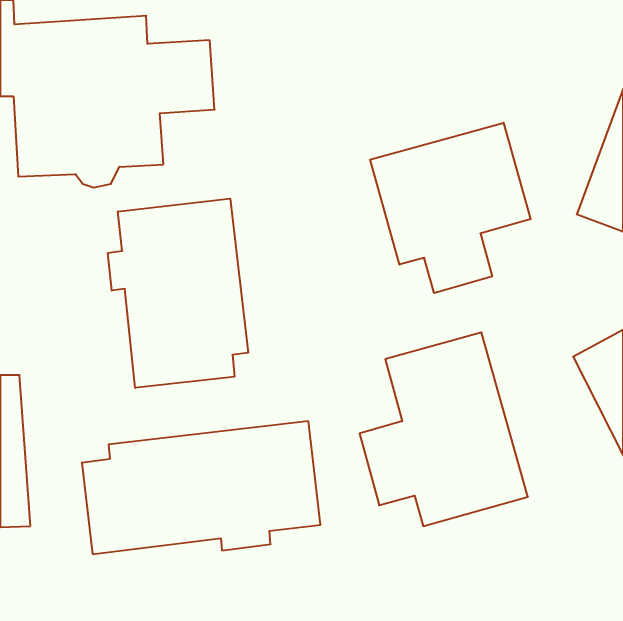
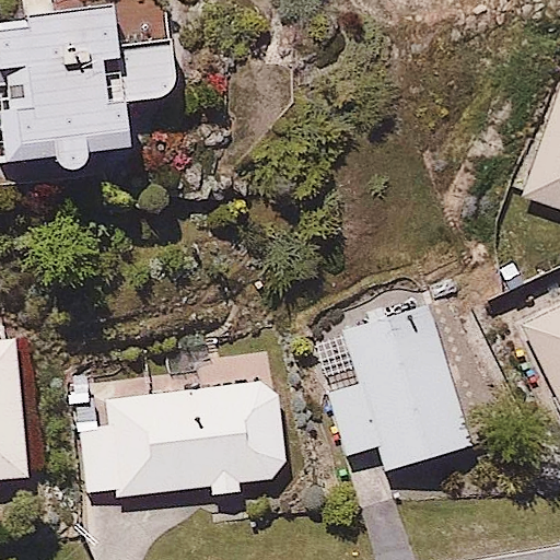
building: [370,123,531,293] -> none
building: [108,199,248,388] -> none

